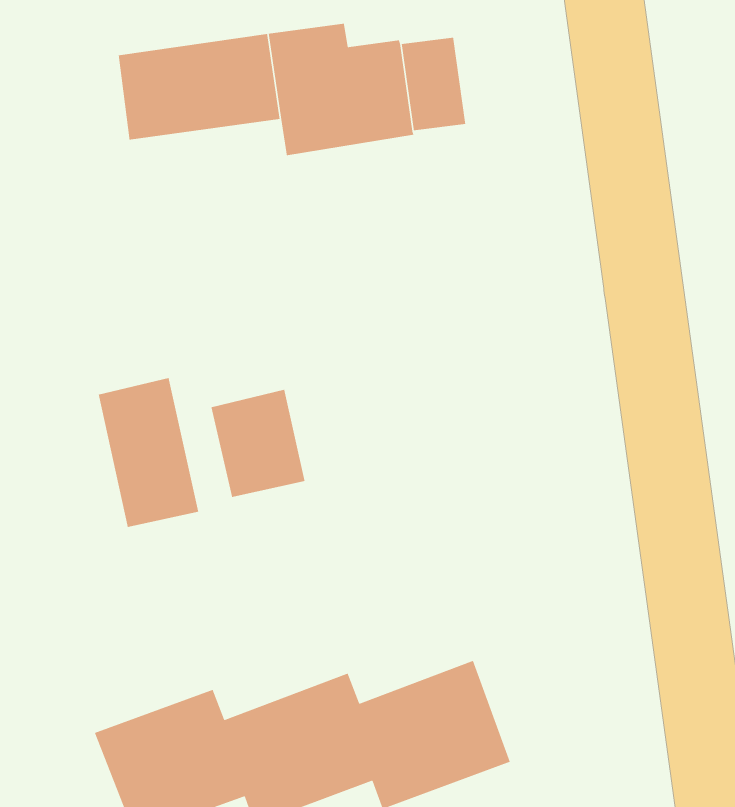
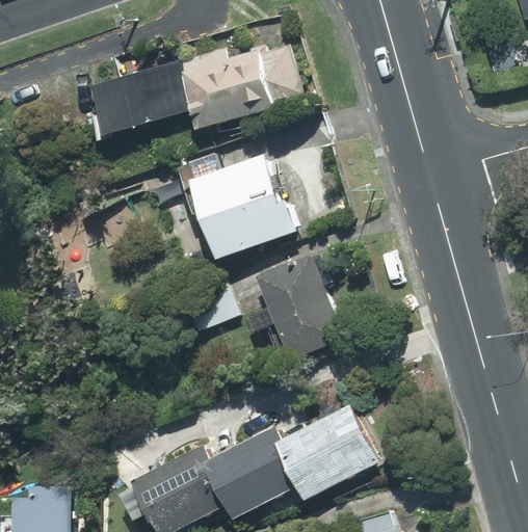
building: none -> [173,152,291,259]
building: [98,377,199,528] -> none
building: none -> [247,243,343,363]

